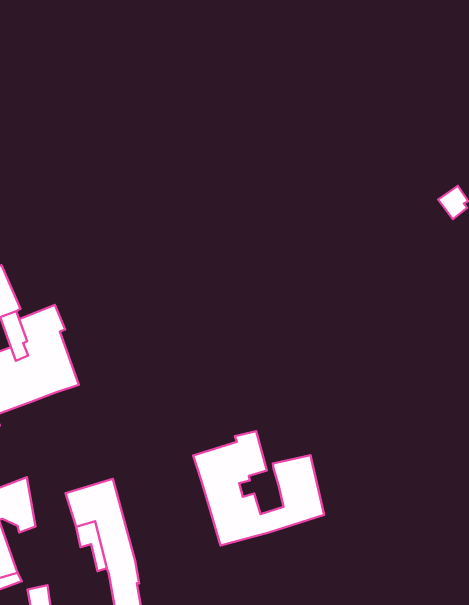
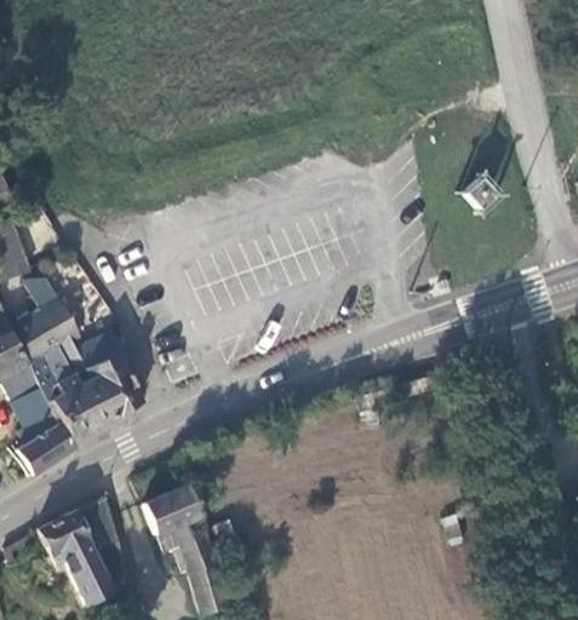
building: [193,431,324,545] -> none

